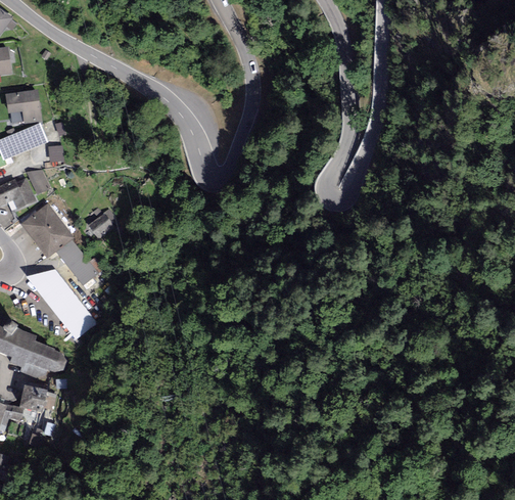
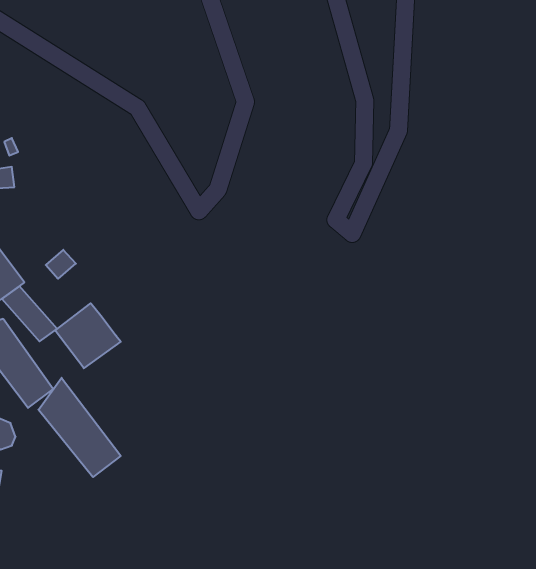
building: none -> [55,303,121,368]
building: none -> [38,378,121,477]

